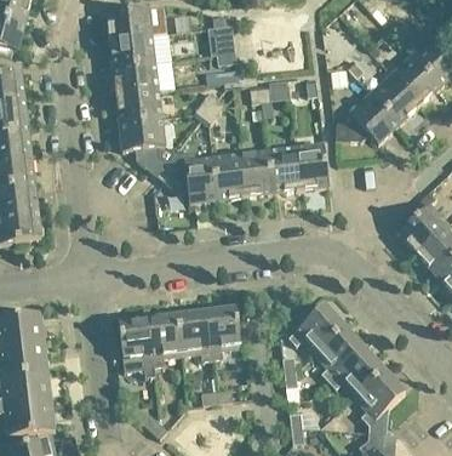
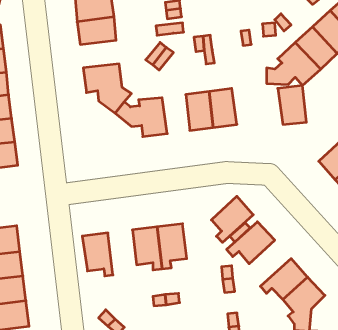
building: [115,90,161,122] -> none
building: [294,143,328,189] -> [278,85,306,124]
building: [212,154,245,200] -> none
building: [148,314,182,367] -> none
building: [315,326,365,381] -> [211,196,253,242]

